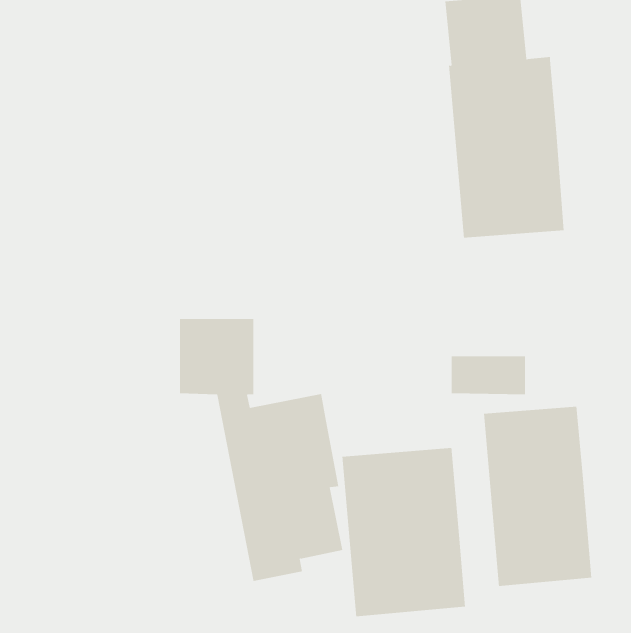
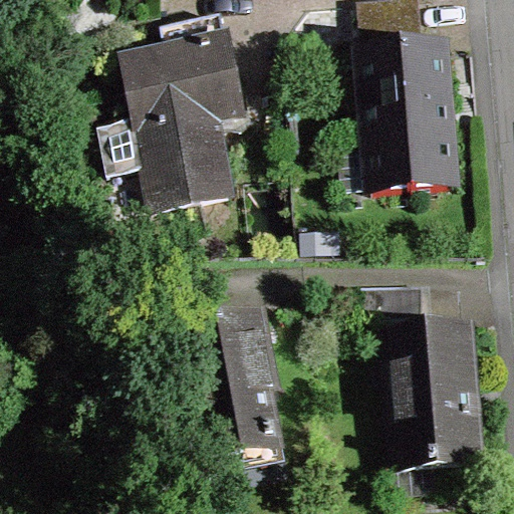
building: none -> [106,14,246,208]
building: [342,447,466,617] -> none

